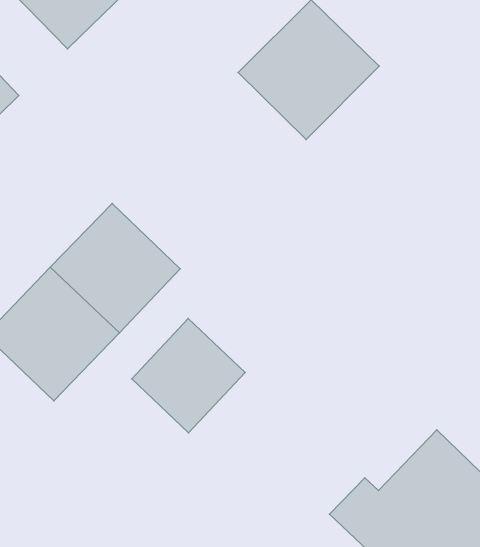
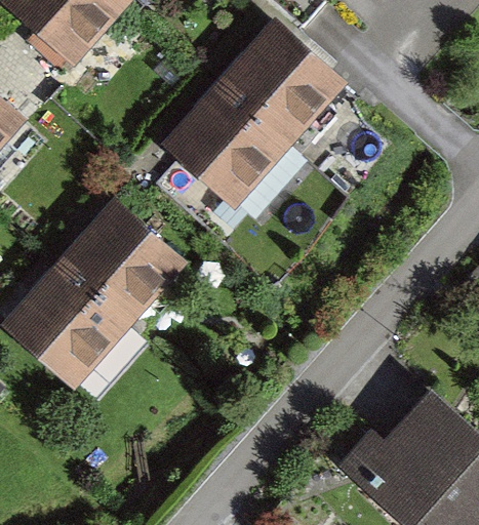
building: none -> [165,83,286,204]
building: [132,318,245,433] -> none

